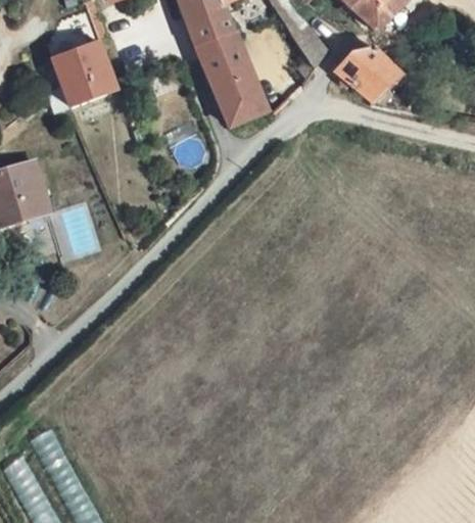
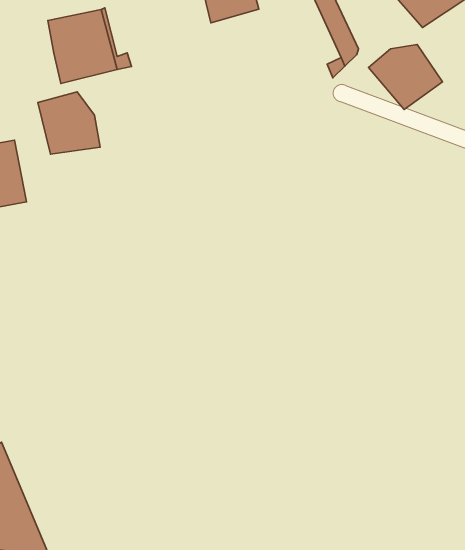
building: [193,28,266,127] -> none
building: none -> [38,92,100,154]

